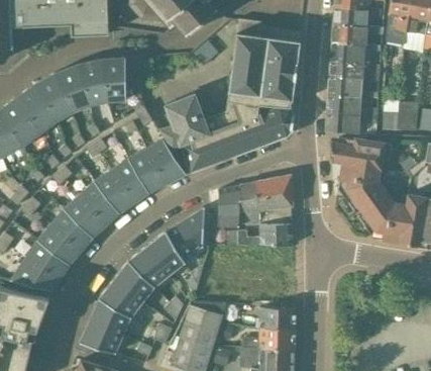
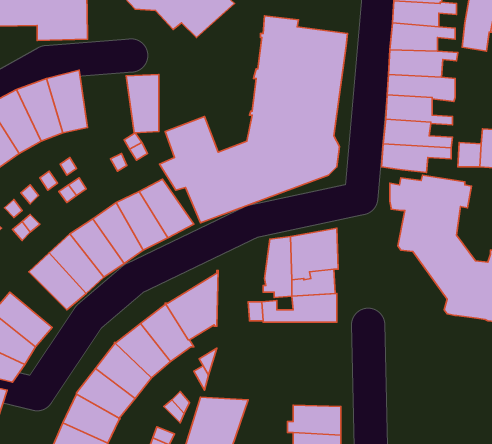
building: [101,58,125,101] -> [126,74,159,133]
building: [217,184,242,227] -> none
building: [49,208,92,250] -> none

